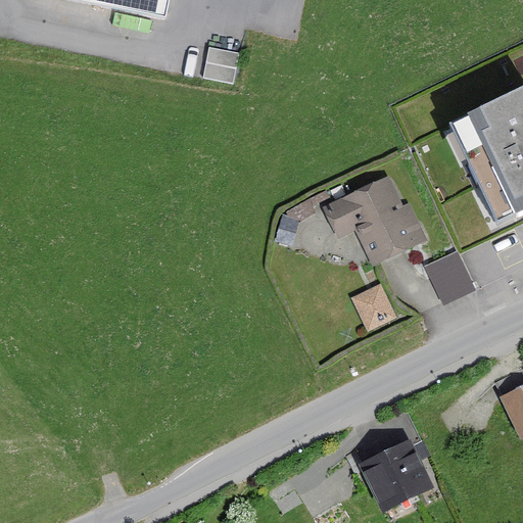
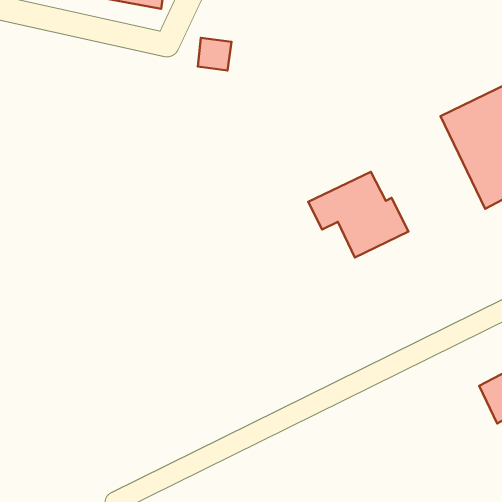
building: [426,248,474,302] -> none
building: [352,285,395,329] -> none
building: [352,439,427,511] -> none

